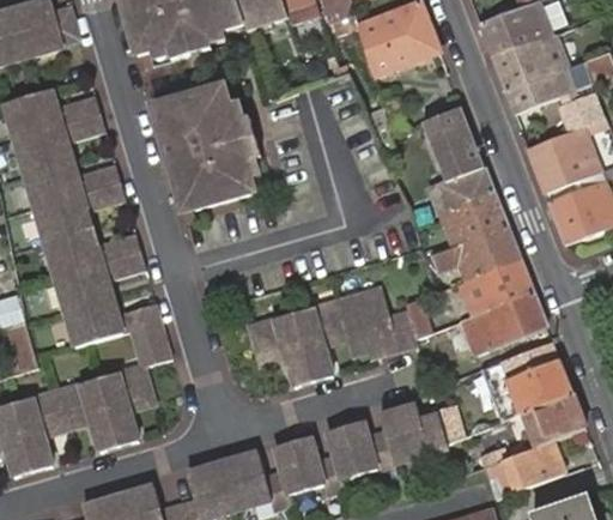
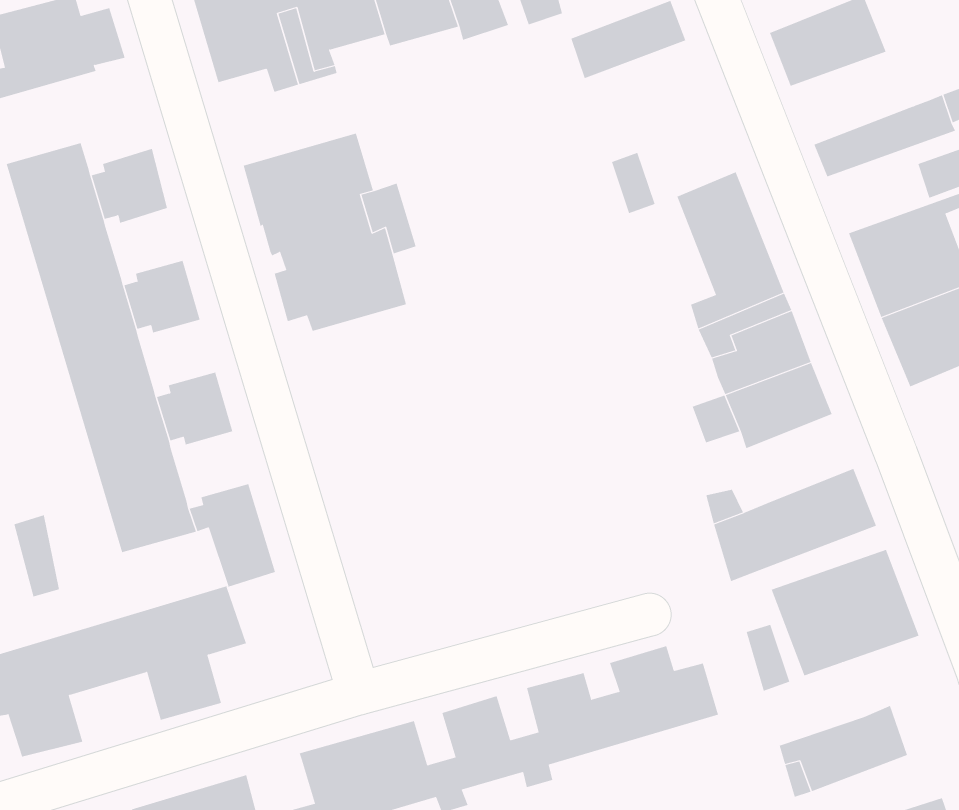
building: [364,26,437,74] -> none
building: [492,32,569,91] -> none
building: [465,259,532,314] -> none
building: [251,288,418,385] -> none
building: [524,397,585,447] -> none

